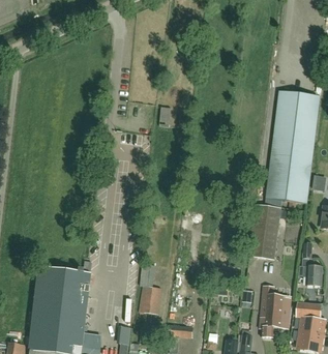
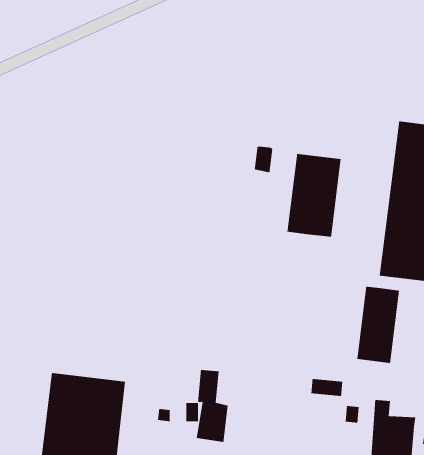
building: none -> [287,153,341,237]

